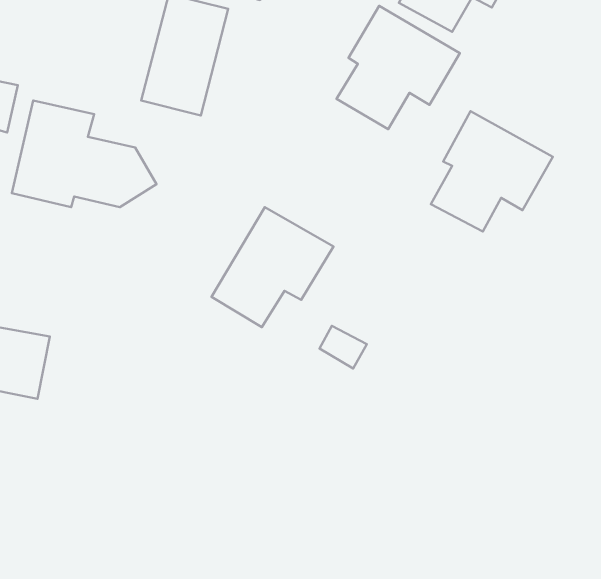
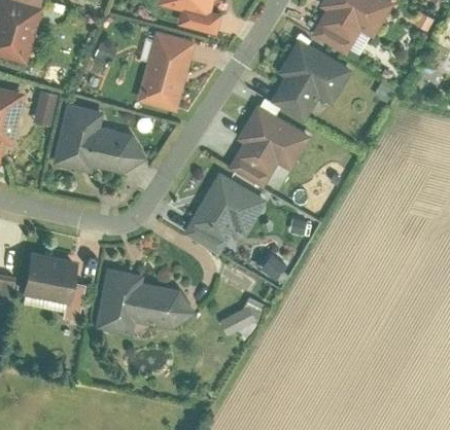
building: [431,111,553,231] -> [230,105,312,186]
building: none -> [94,268,196,334]
building: none -> [222,293,263,335]

